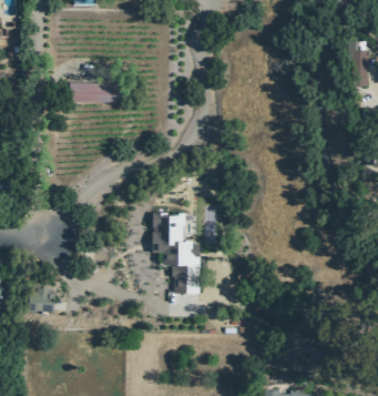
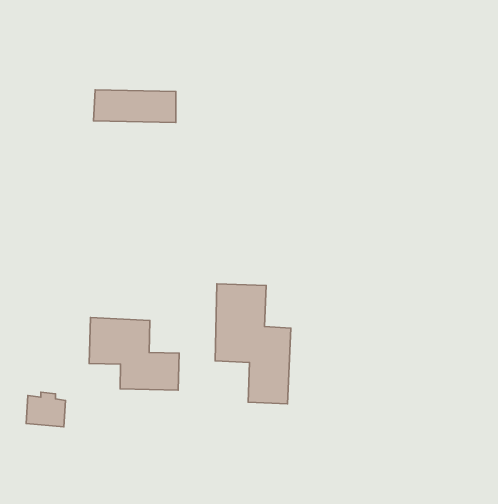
building: none -> [89,317,179,390]

